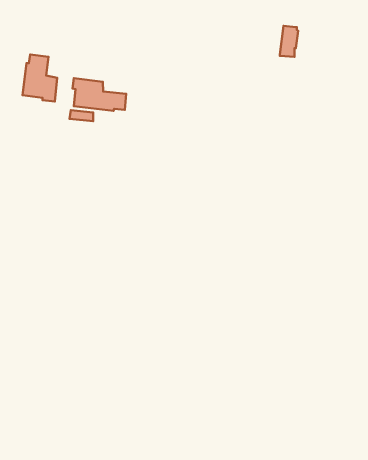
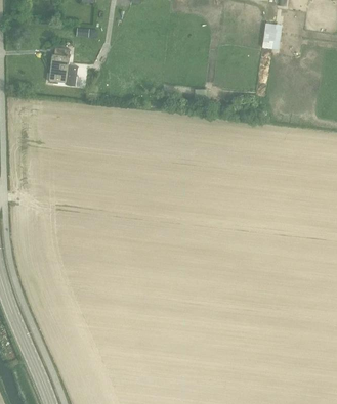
building: [72,78,126,111] -> none

